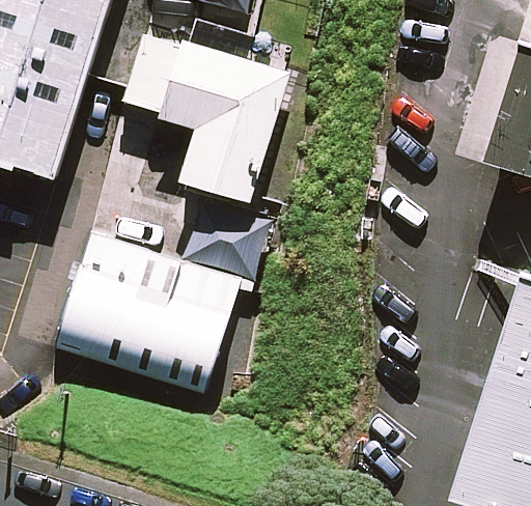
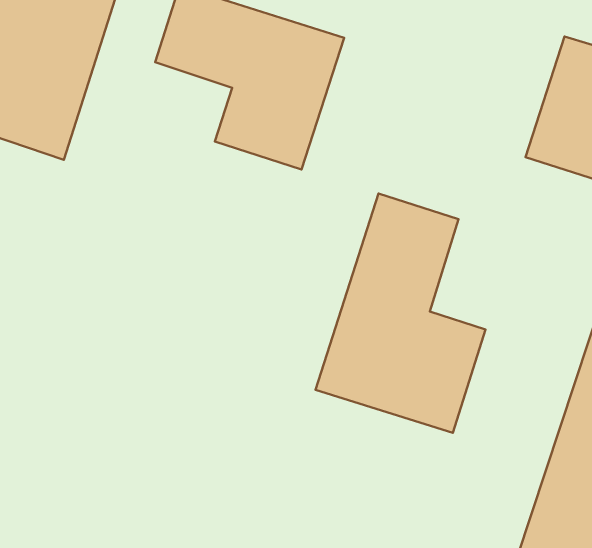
building: none -> [316,194,486,433]
building: [66,212,250,367] -> none

